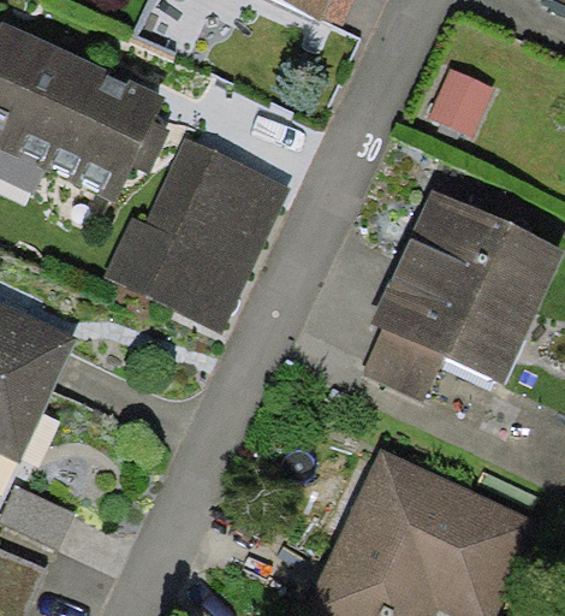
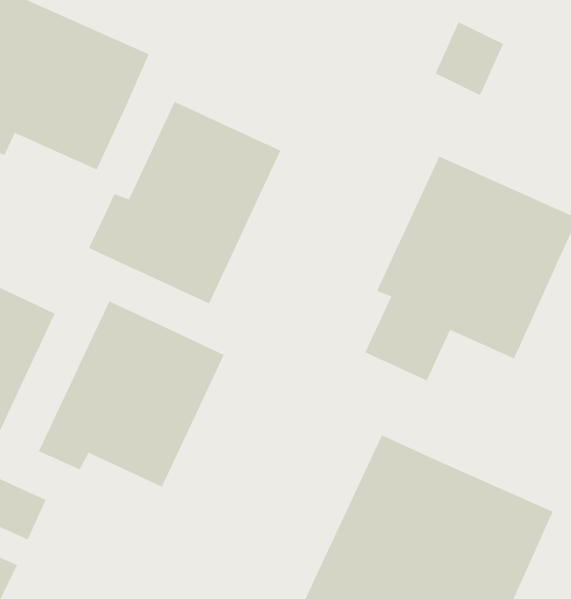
building: none -> [38,301,224,488]

